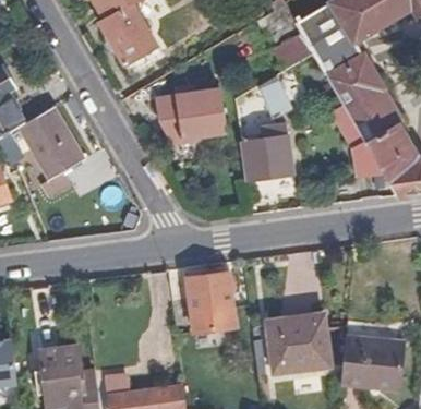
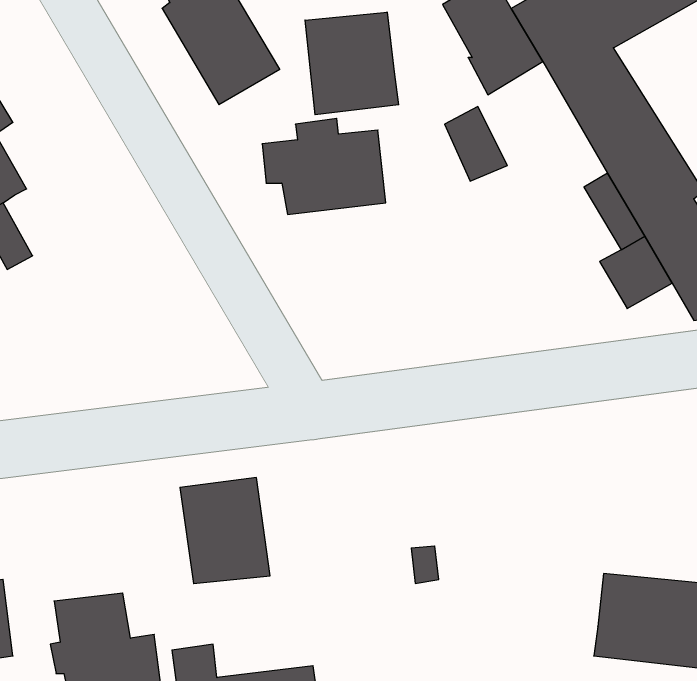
building: none -> [305,12,399,115]
building: [17,105,85,195] -> none
building: [239,123,291,180] -> none
building: [185,273,236,332] -> [180,478,270,584]
building: [266,318,346,373] -> none

